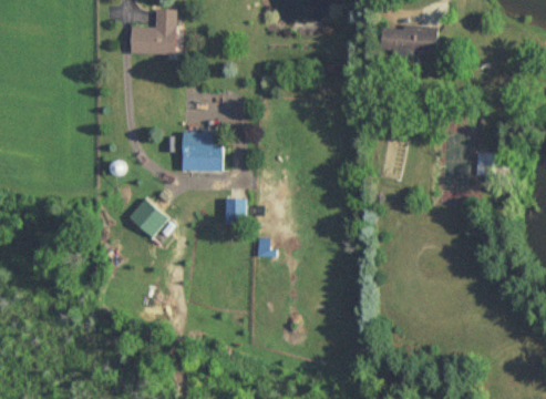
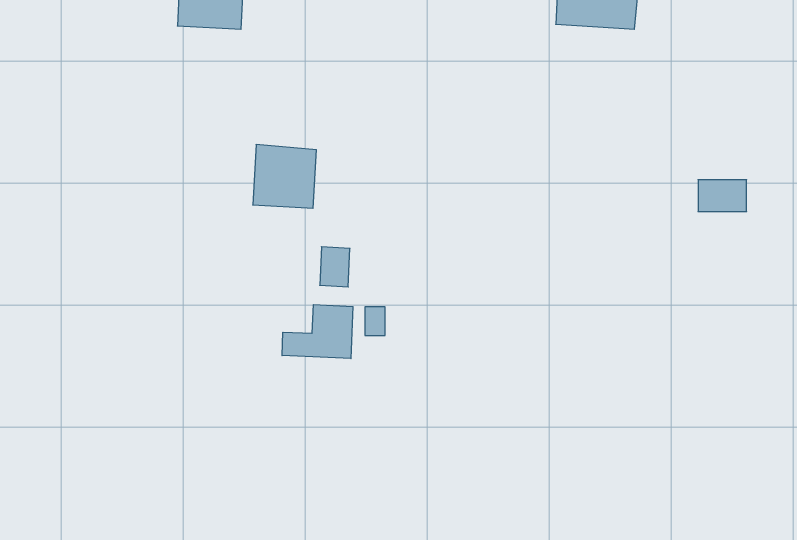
building: [130,198,169,238] -> none
building: none -> [282,305,353,359]

